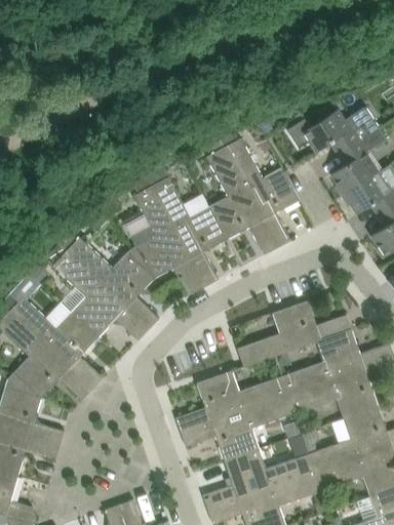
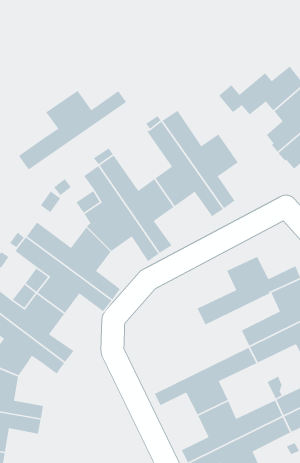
building: none -> [18,90,127,170]
building: [175,371,286,433] -> none

